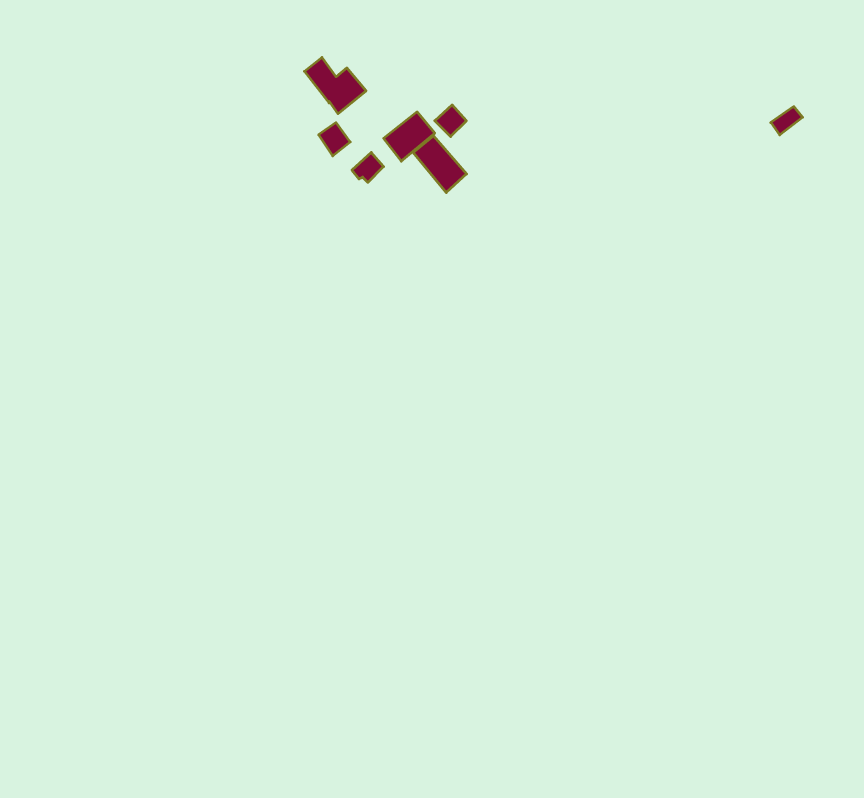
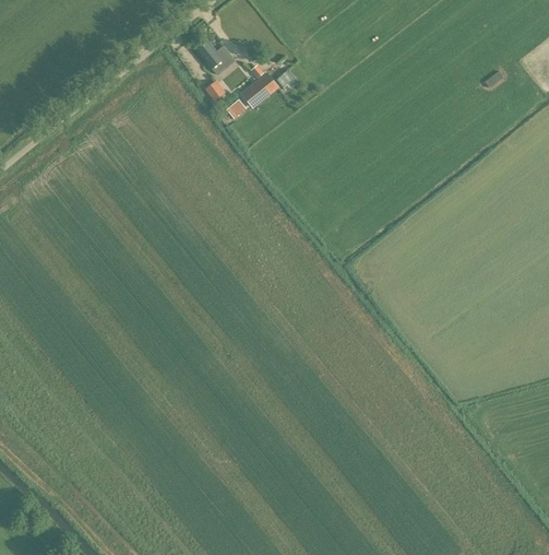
building: [413,136,467,193] -> none

